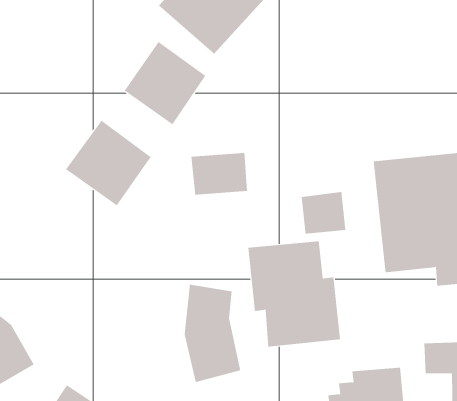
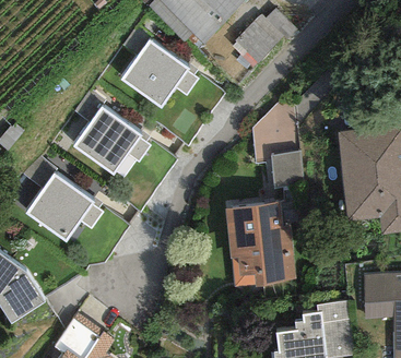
building: none -> [235,10,295,68]
building: [191,153,248,195] -> [255,122,302,157]
building: none -> [28,171,96,237]
building: [184,284,241,383] -> none

